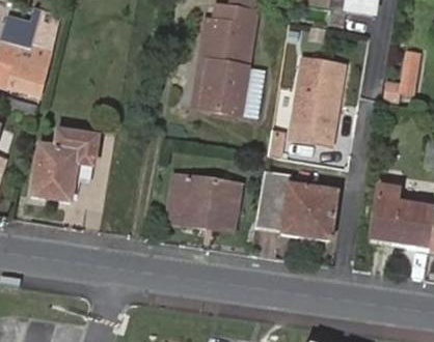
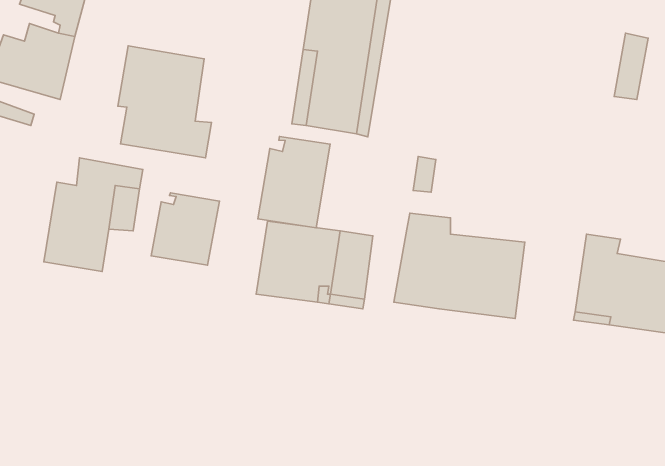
building: [291,56,344,142] -> none
building: none -> [118,46,212,158]
building: none -> [258,136,330,228]
building: none -> [151,193,220,265]

